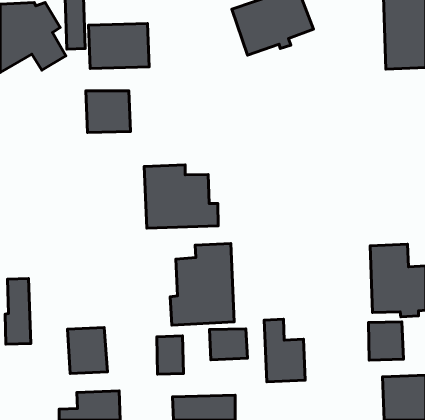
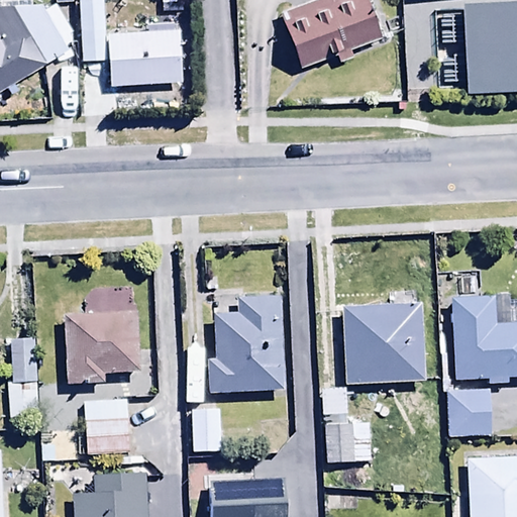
building: [86,91,130,133] -> none
building: [144,165,218,228] -> none
building: none -> [342,293,425,385]
building: none -> [65,311,151,383]
building: [209,329,247,360] -> none

